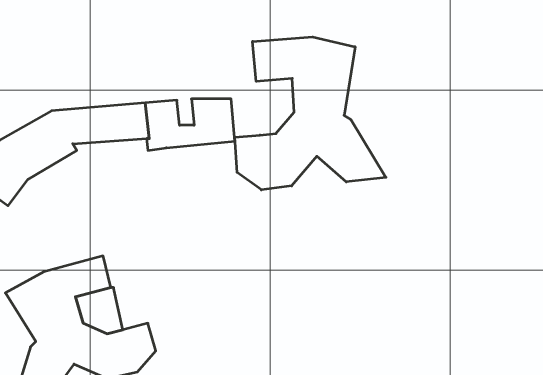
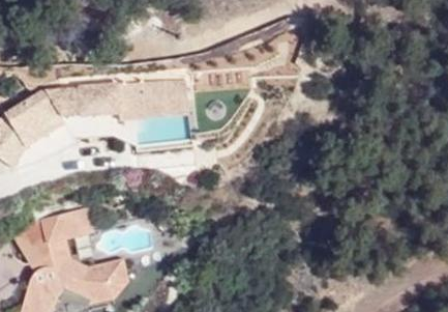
building: [235,37,386,190] -> none

